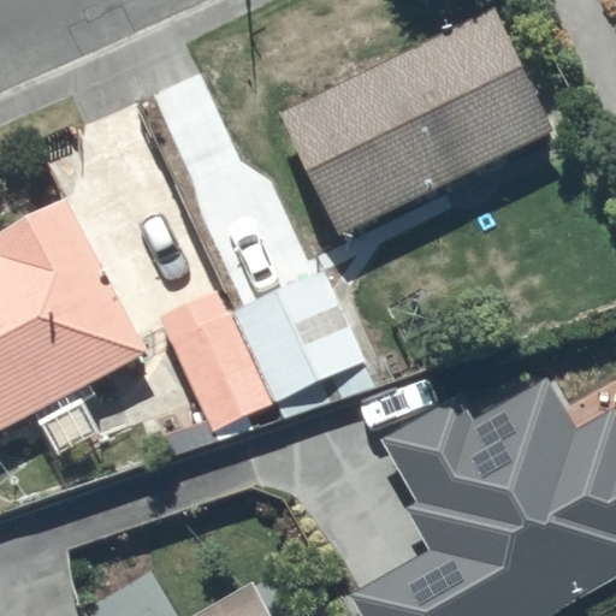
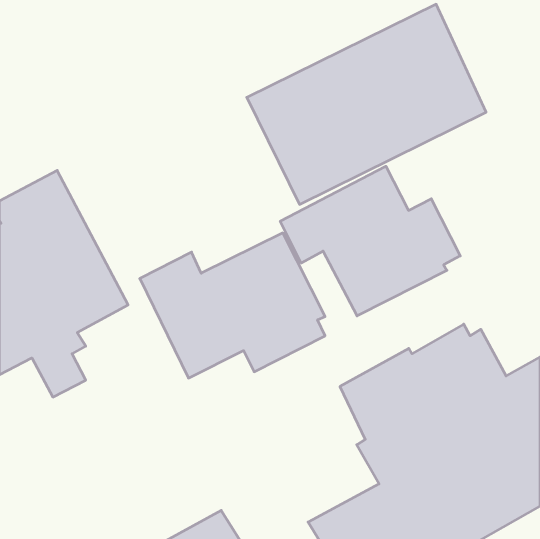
building: none -> [280,166,460,316]

